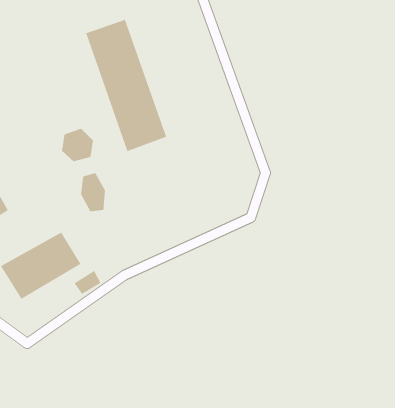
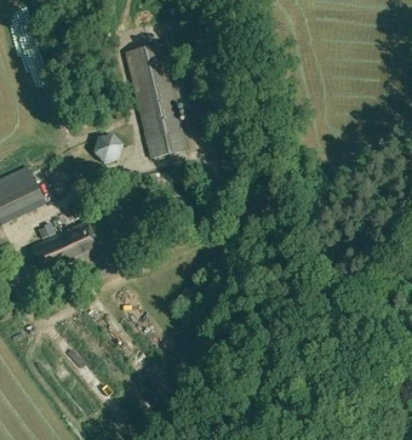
building: [80,172,106,212] -> none

